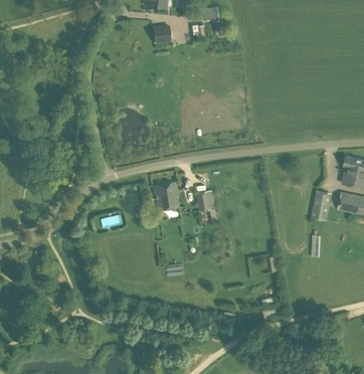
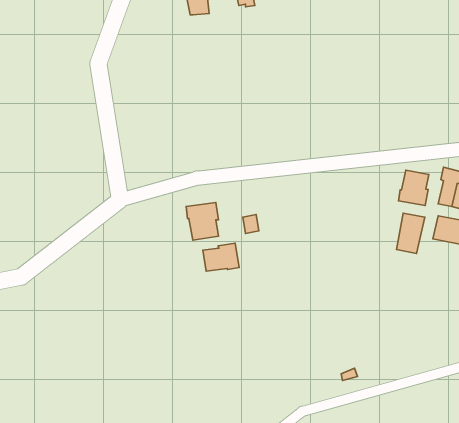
building: none -> [399,170,429,205]
building: none -> [203,243,239,271]

